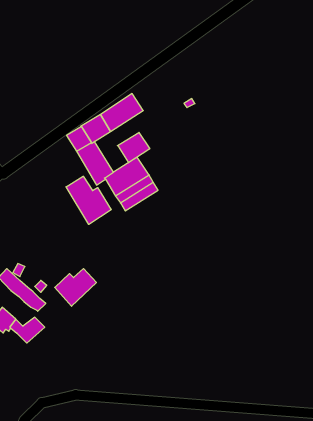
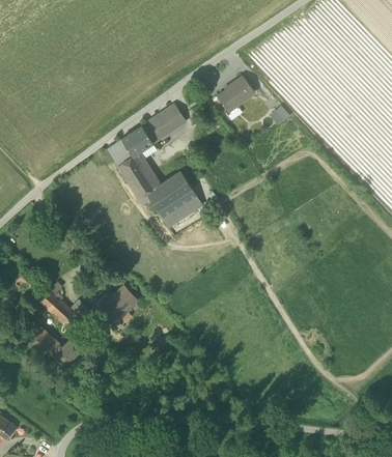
building: none -> [218,77,255,112]
building: [117,132,150,163] -> none
building: [66,176,111,224] -> none

